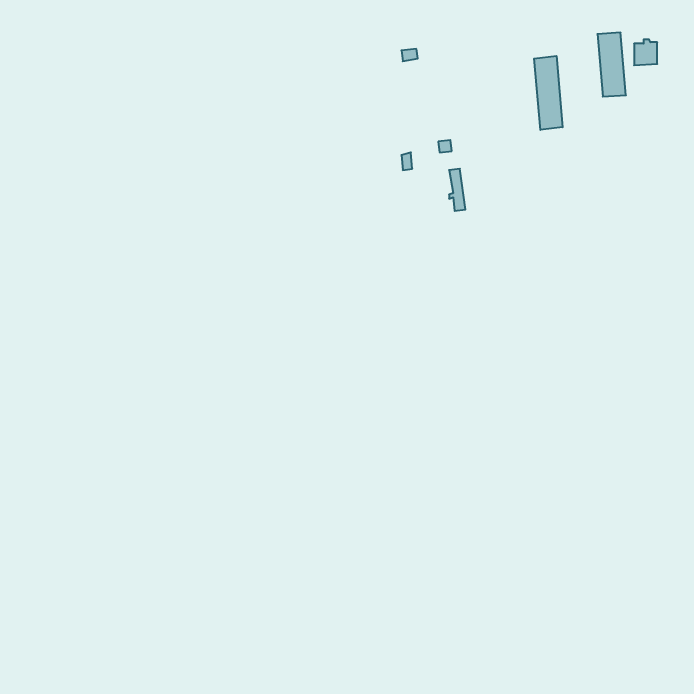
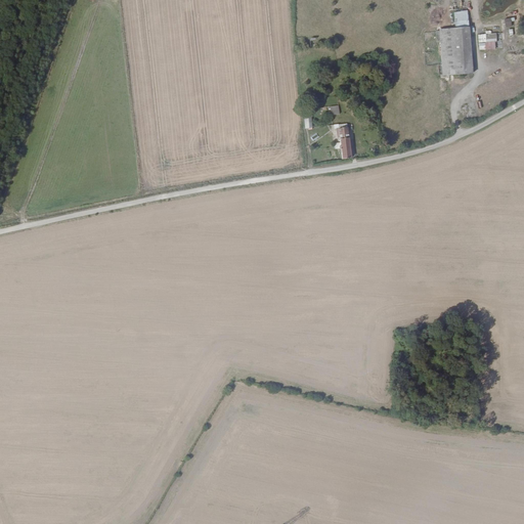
building: [534,56,563,130] -> none

